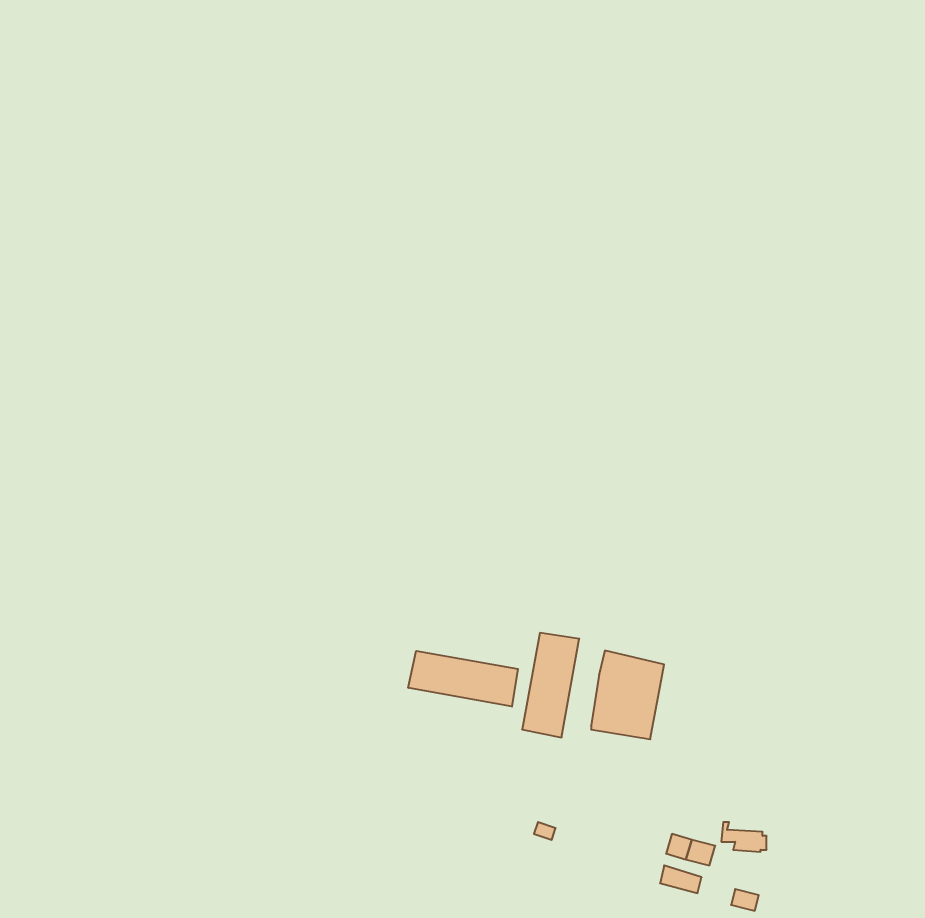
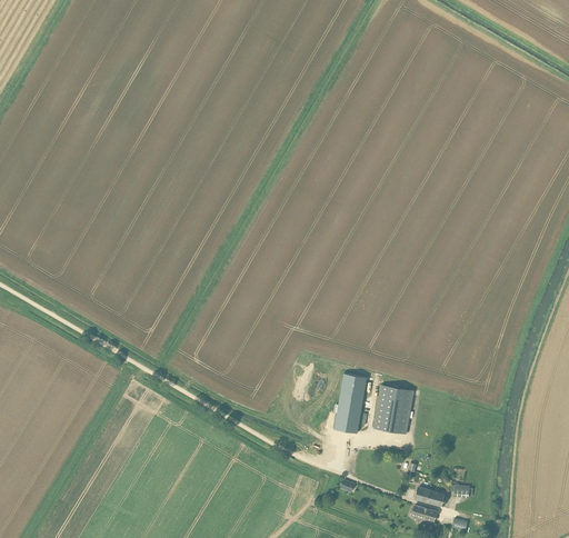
building: [408,651,518,707] -> none

